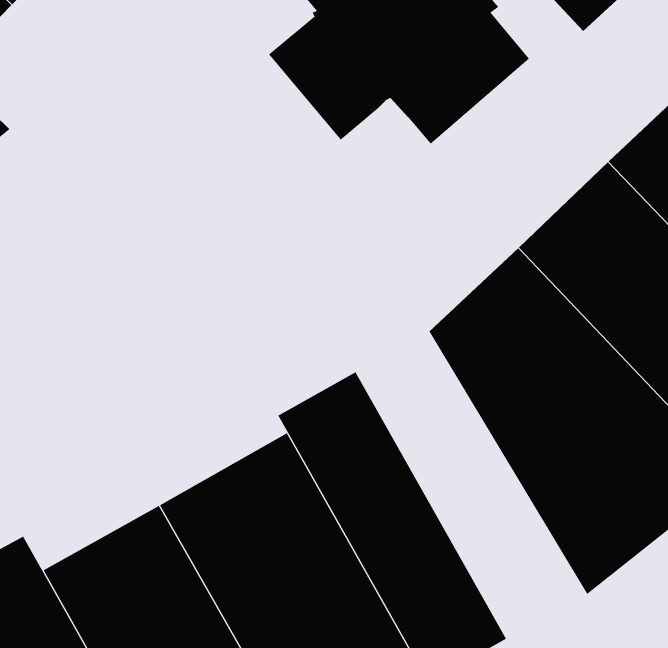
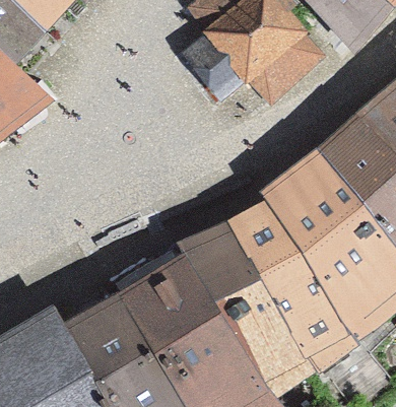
building: none -> [229,202,352,365]

